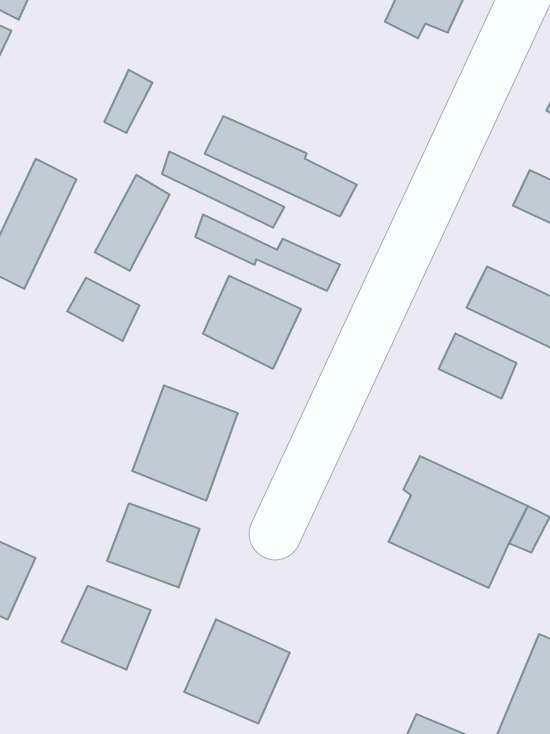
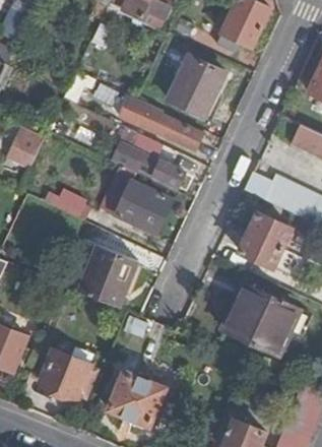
building: none -> [171,55,228,116]
building: [95,175,169,271] -> none
building: none -> [240,233,282,268]
building: [107,503,199,588] -> none

